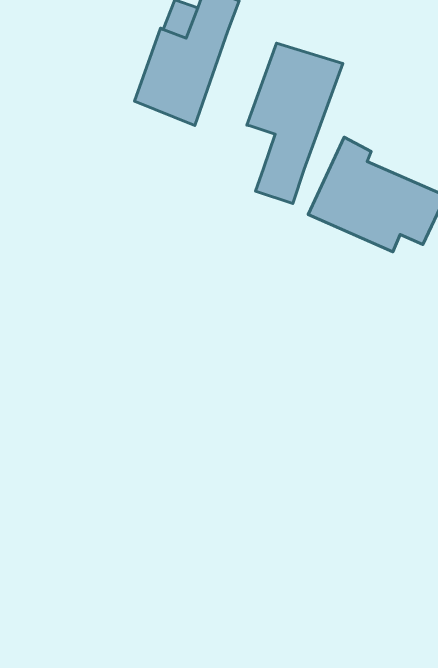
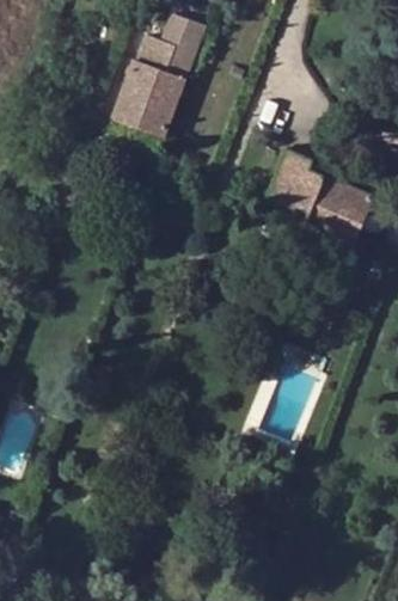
building: [247,43,343,204] -> none

